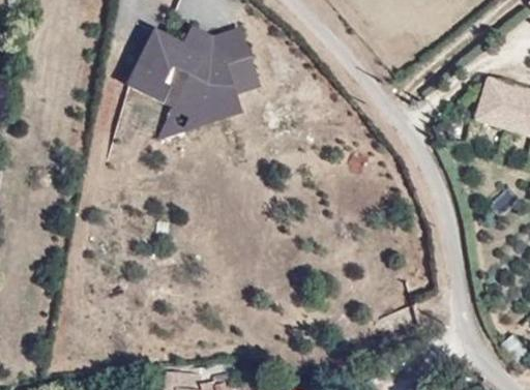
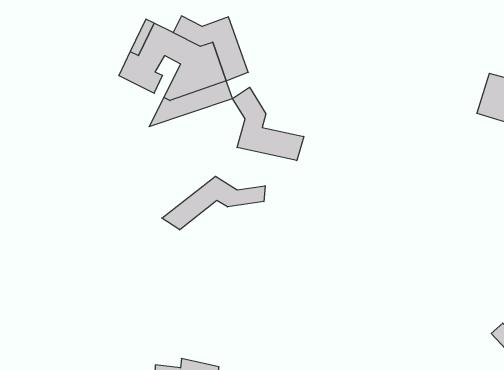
building: none -> [233,87,304,161]
building: none -> [162,176,265,230]

